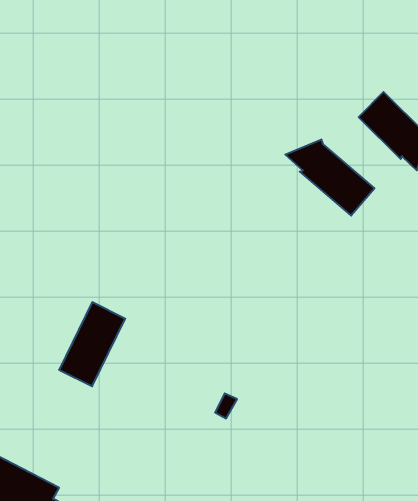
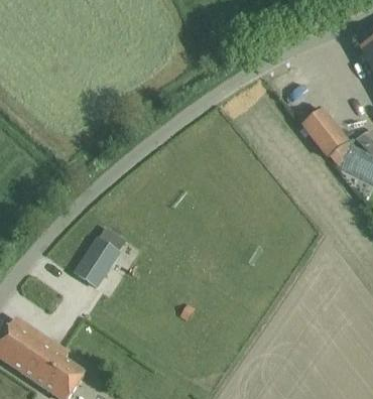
building: [285,139,374,216] -> none

